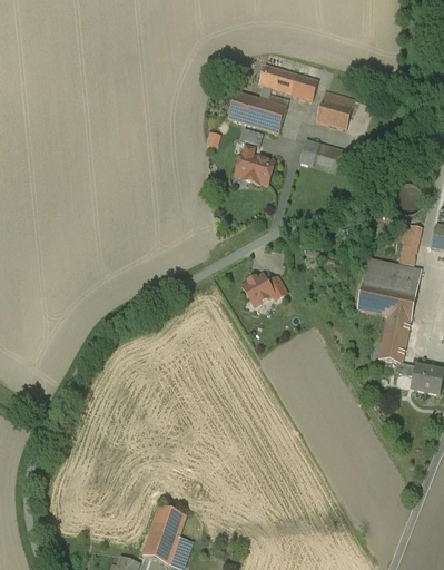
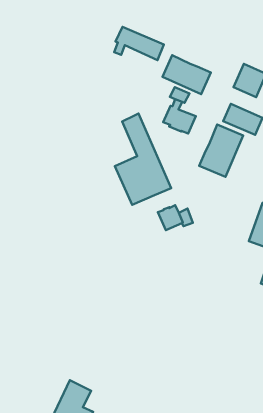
building: [260,66,320,101] -> [114,27,164,60]
building: none -> [115,114,171,205]
building: none -> [199,124,243,177]

